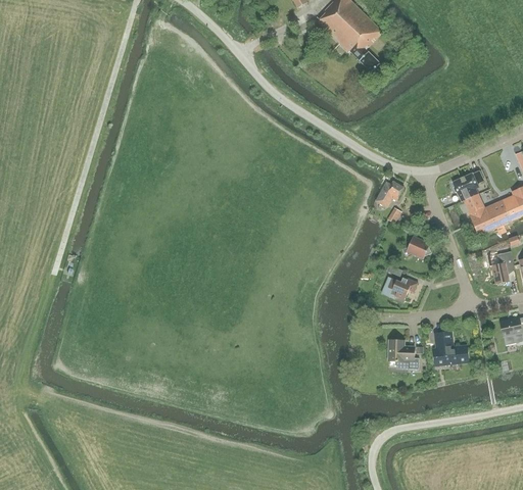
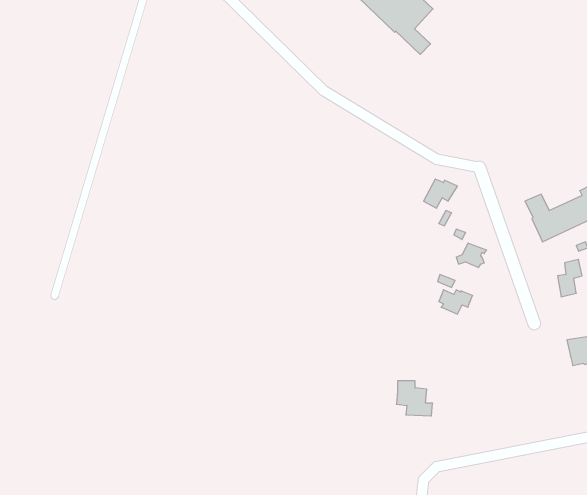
building: [453,169,484,200] -> none
building: [435,332,468,363] -> none
building: [388,338,420,369] -> [396,381,433,416]

